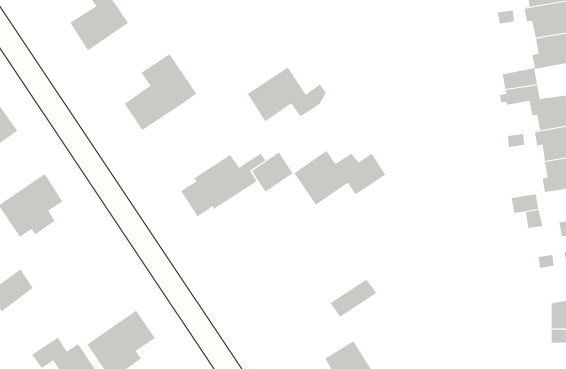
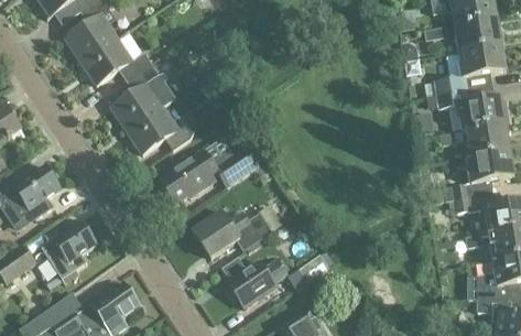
building: none -> [80,37,151,85]
building: [247,67,327,122] -> [127,107,195,154]
building: [293,150,386,205] -> [192,210,271,258]
building: none -> [41,223,96,280]
building: none -> [224,261,285,308]

